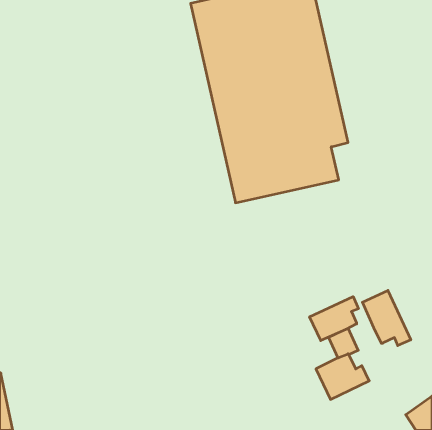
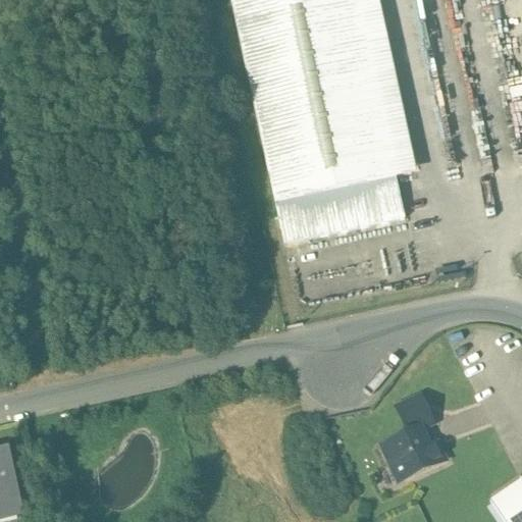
building: [362,290,411,346] -> none
building: [310,297,358,341] -> none

